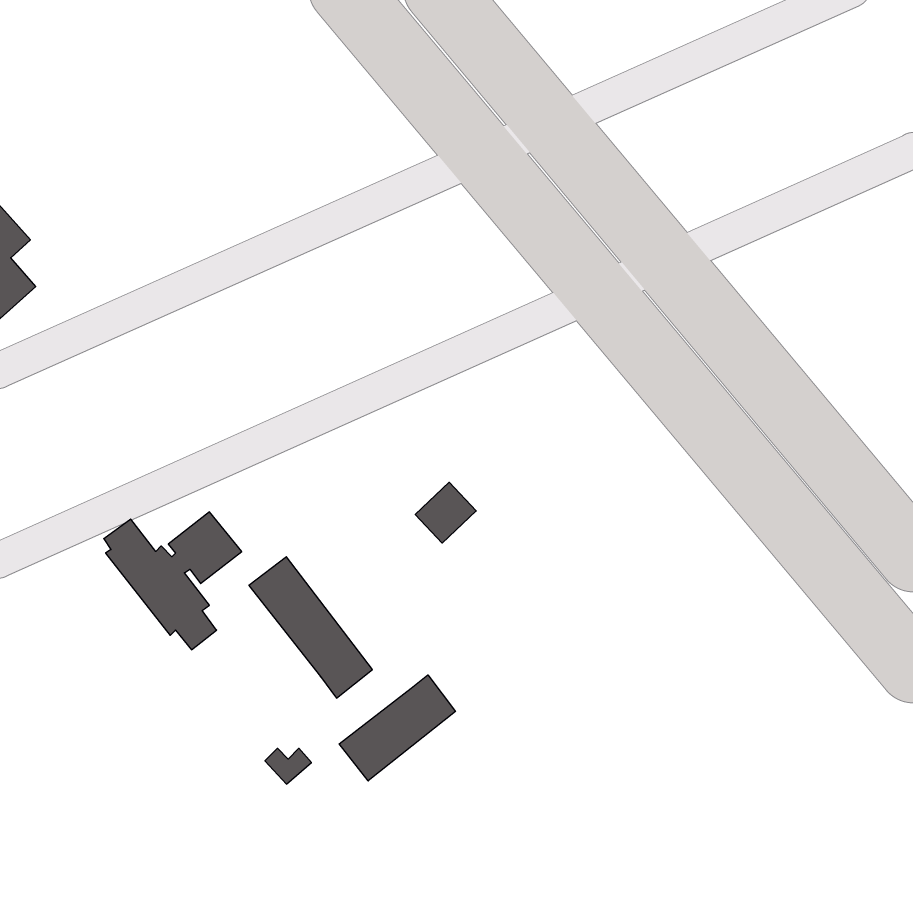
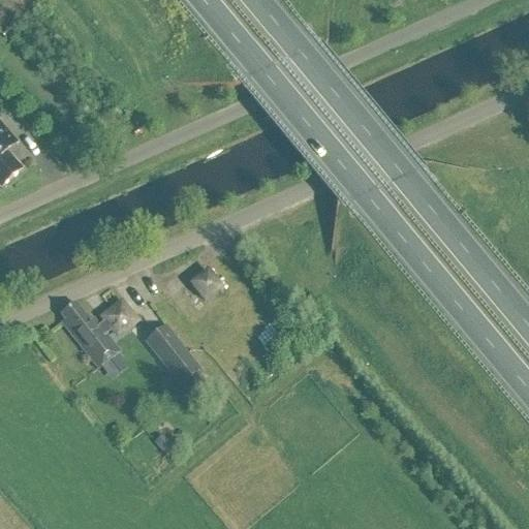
building: [415,482,476,543] -> [184,263,219,299]
building: [339,675,455,781] -> none

